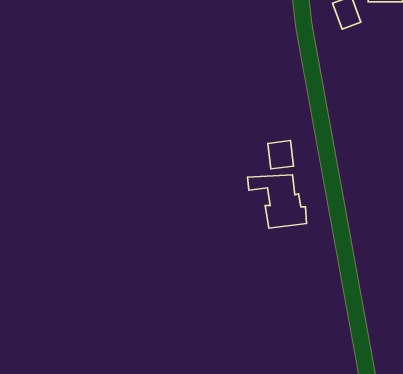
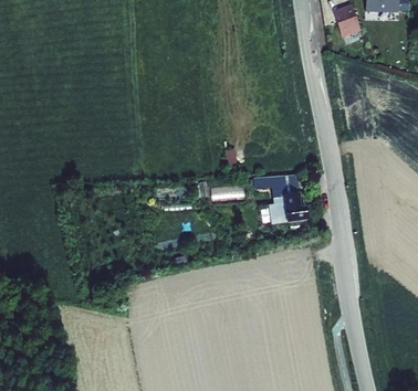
building: [268,141,293,169] -> none

